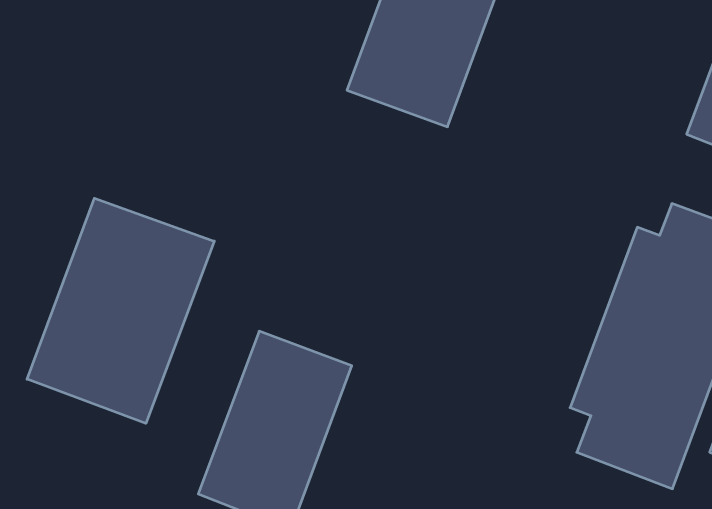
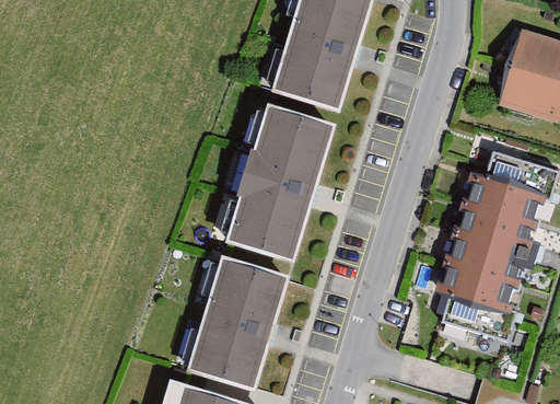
building: none -> [224,104,331,259]
building: [27,198,214,423] -> none

